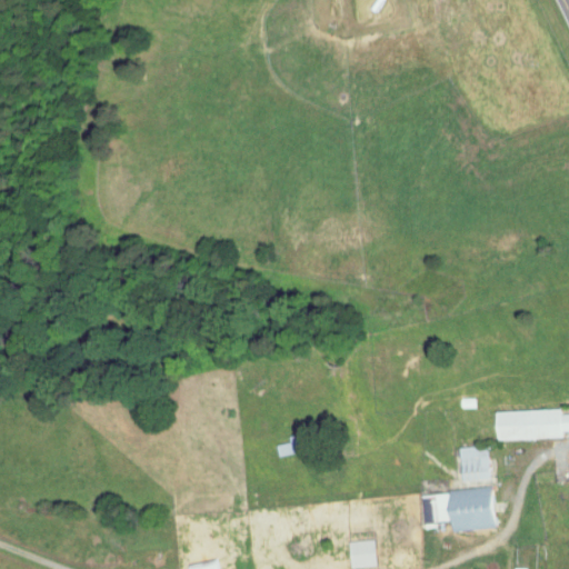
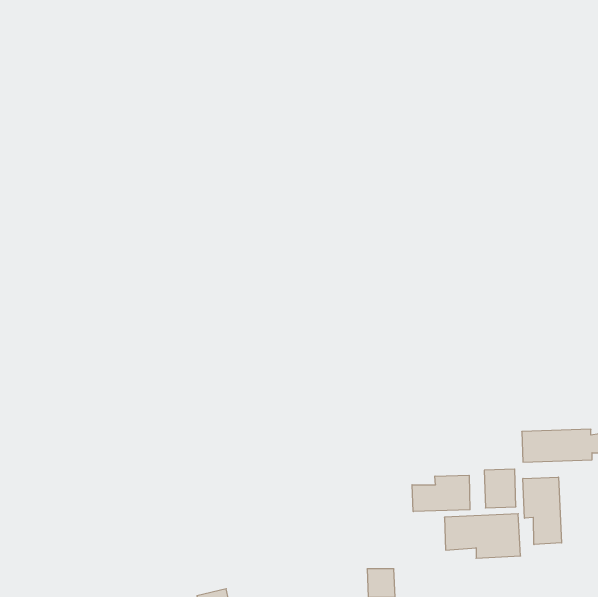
building: none -> [412,475,470,512]
building: none -> [523,477,562,545]

